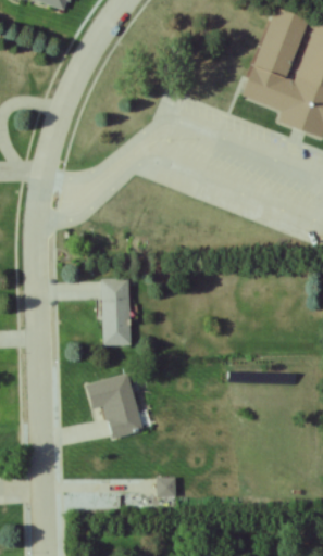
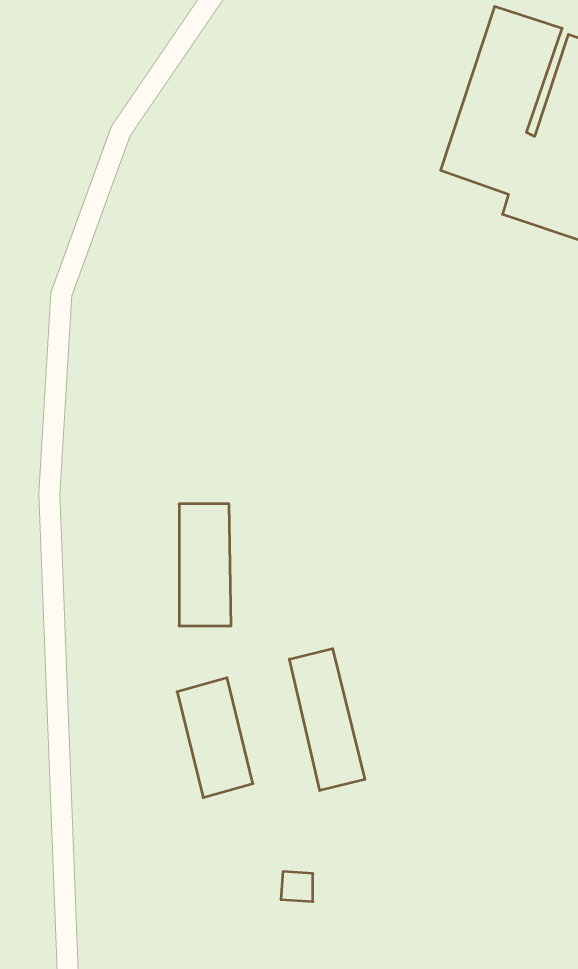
building: none -> [289,649,365,791]

